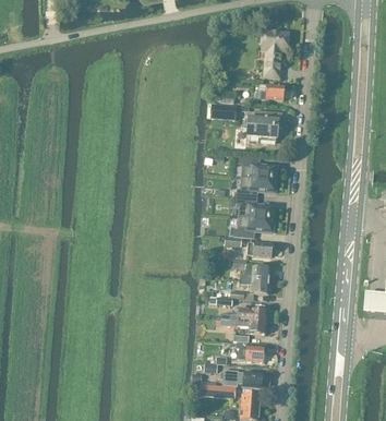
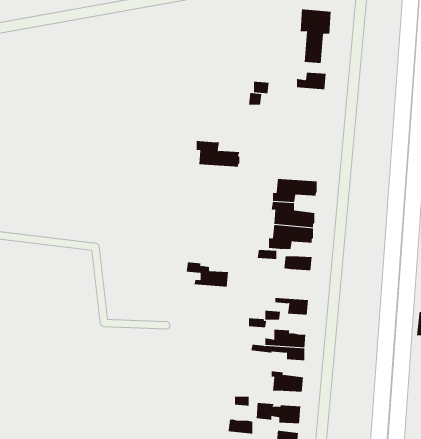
building: [245,110,282,141] -> none
building: [240,156,278,179] -> [196,140,240,167]
building: [233,260,270,281] -> [186,262,229,287]

